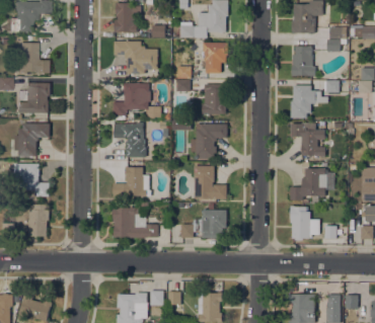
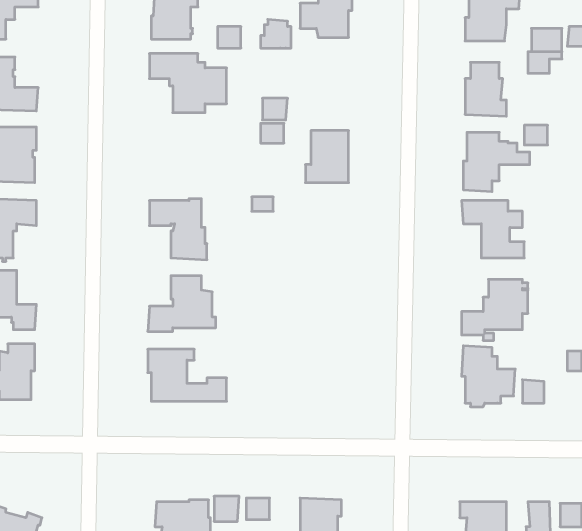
building: [203,42,229,73] -> none
building: [114,83,150,119] -> none
building: [191,124,227,159] -> none
building: [194,165,227,199] -> none
building: [180,204,227,238] -> none

